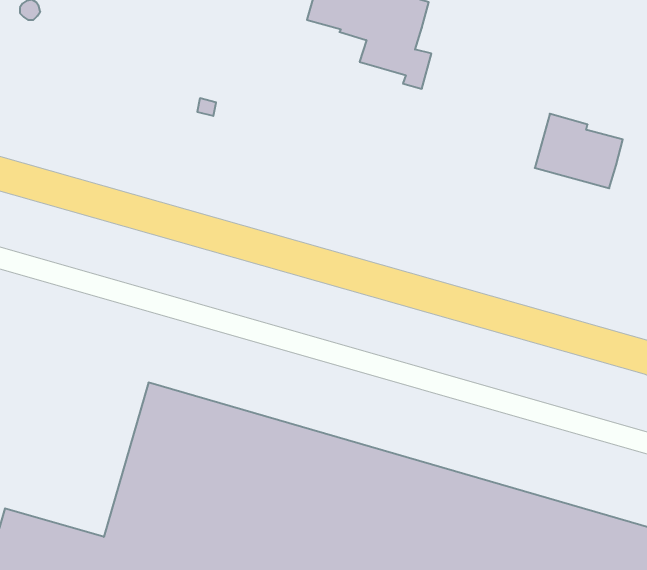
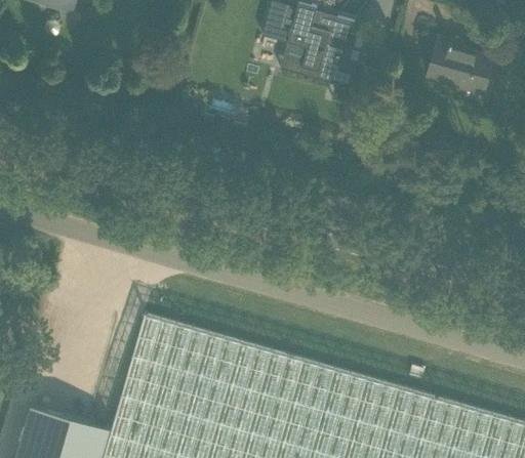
building: [535,114,623,188] -> [426,40,492,96]

